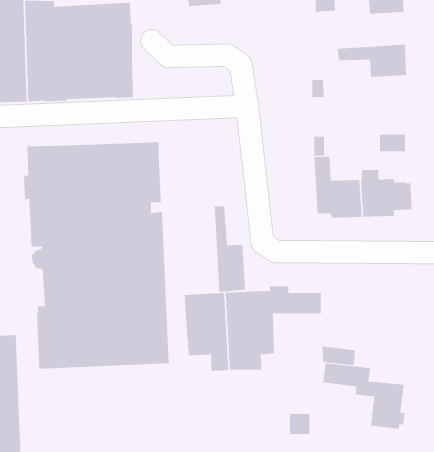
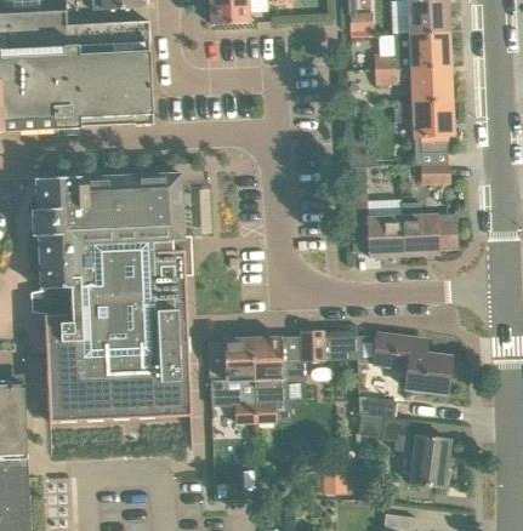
building: none -> [374,32,449,72]
building: none -> [410,101,453,152]
building: [214,205,245,293] -> none
building: none -> [357,333,450,393]

